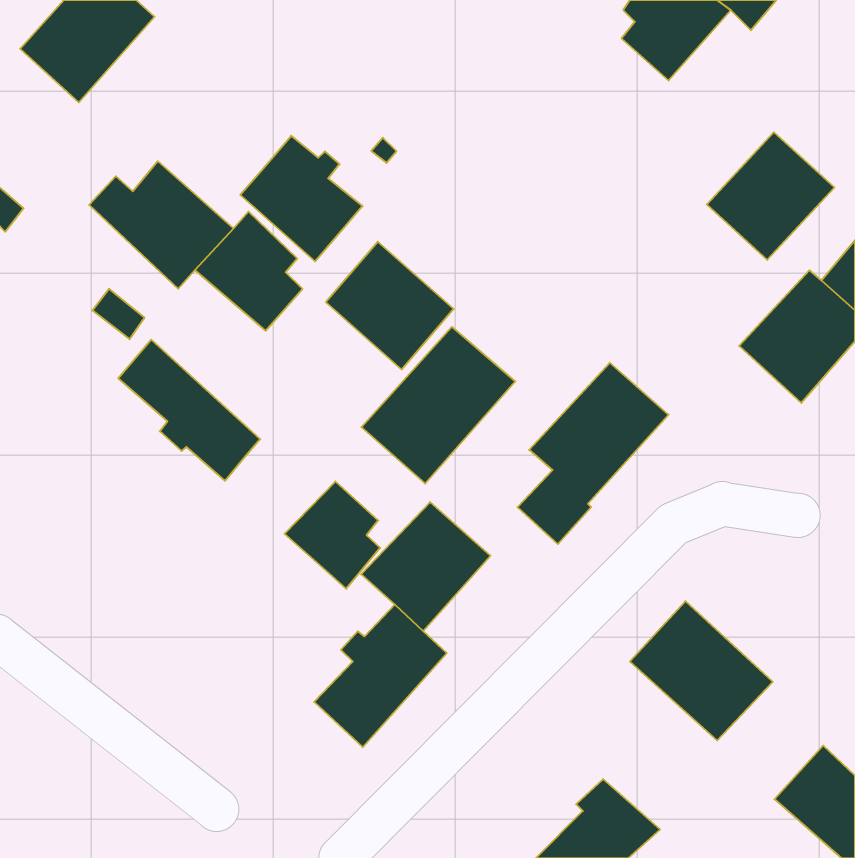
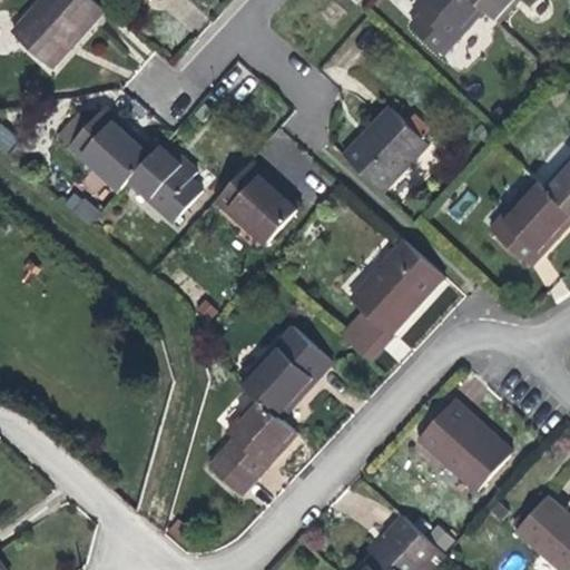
building: [707,132,834,260] -> [343,107,428,191]
building: [240,136,363,261] -> none
building: [361,327,515,484] -> none
building: [118,340,260,481] -> none
building: [285,481,380,589] -> none

